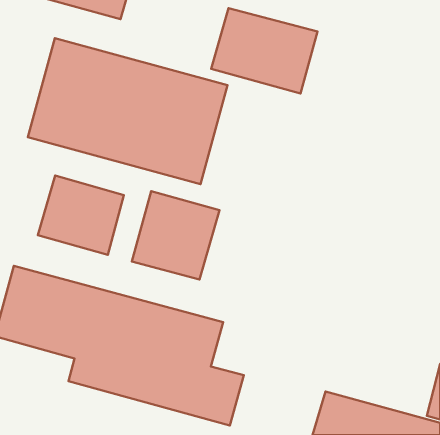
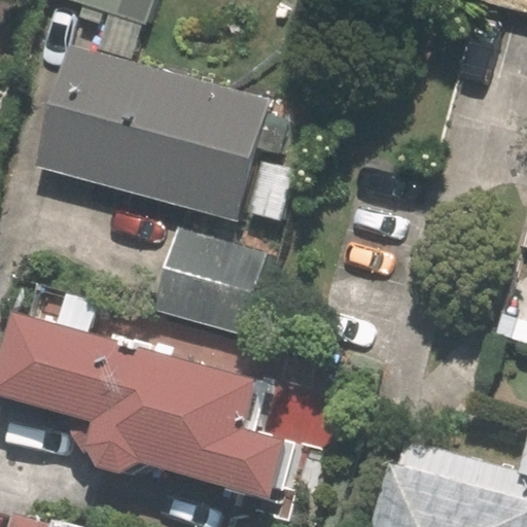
building: [211,8,317,94] -> none
building: [38,175,124,255] -> none

